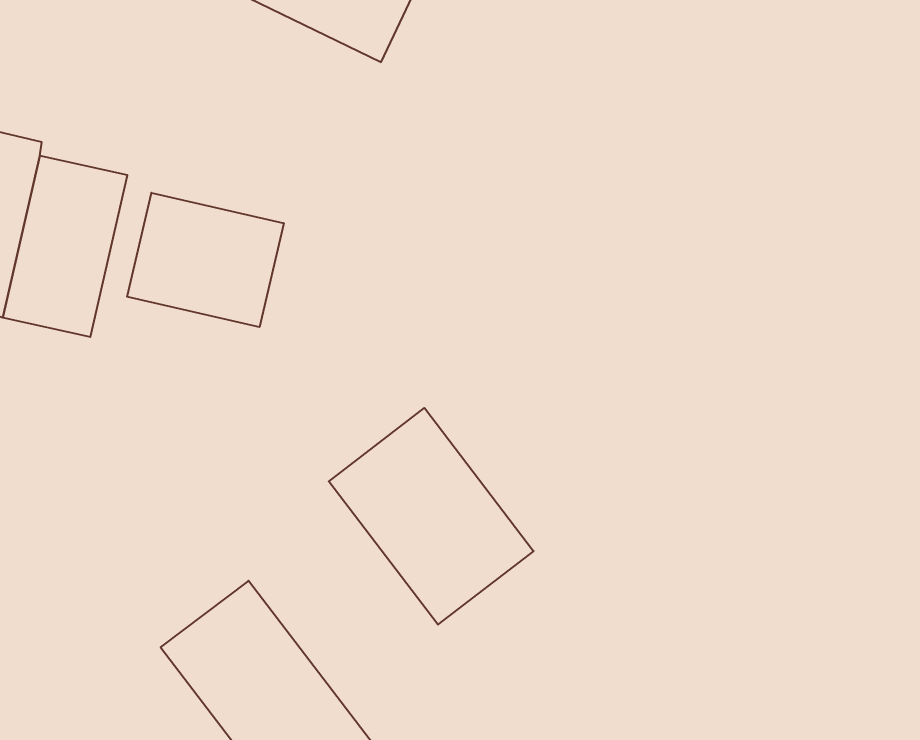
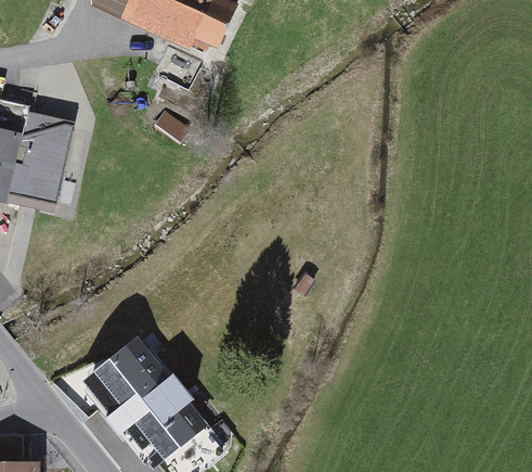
building: [127,193,284,327] -> none
building: [329,408,534,625] -> none

